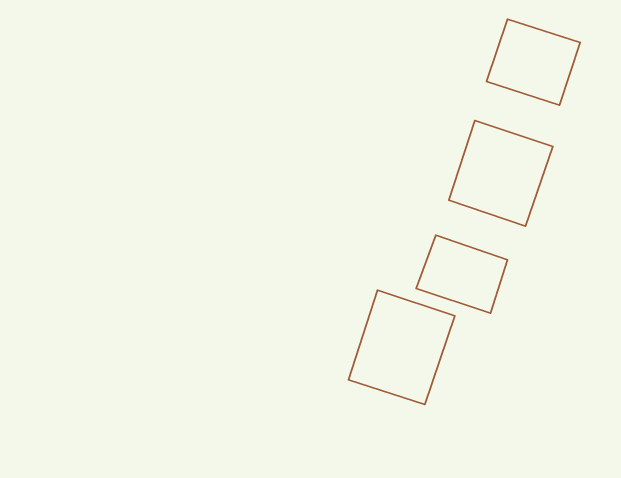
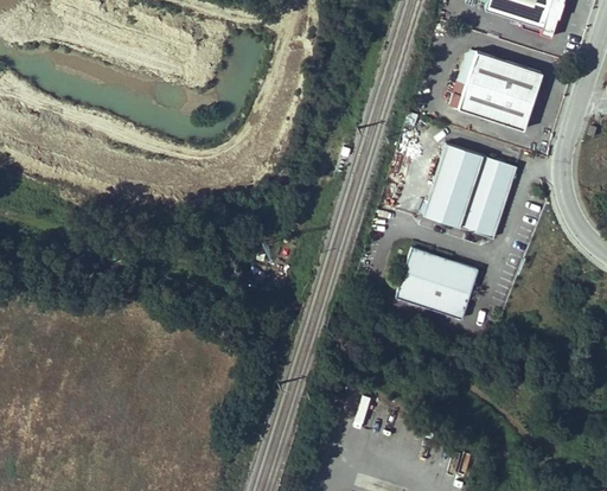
building: [348,290,455,405] -> none

